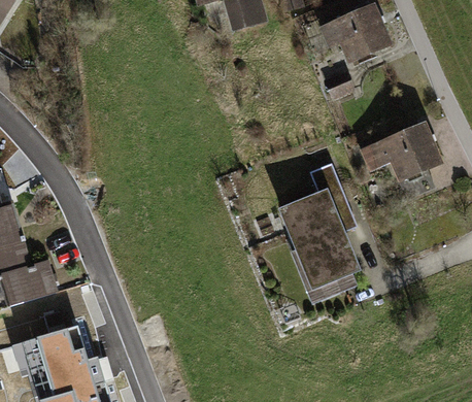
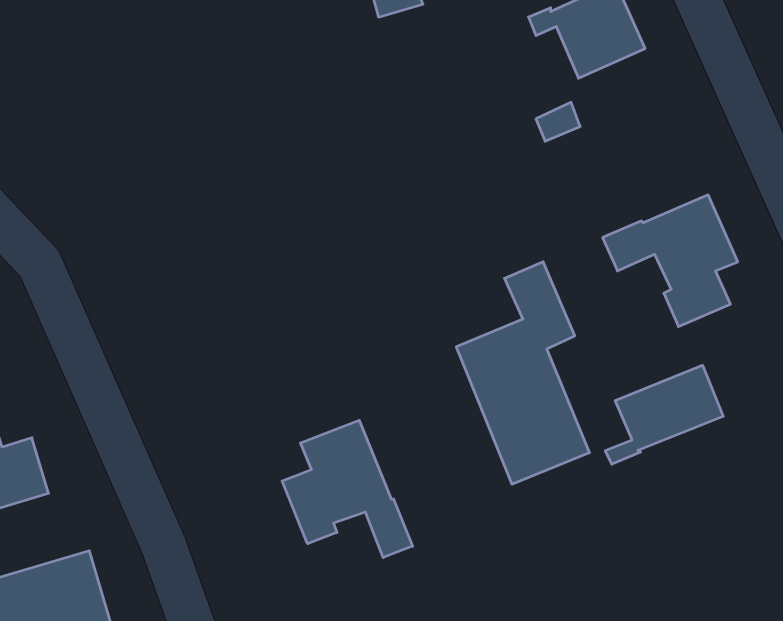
building: none -> [605,365,723,464]
building: none -> [282,420,413,558]

